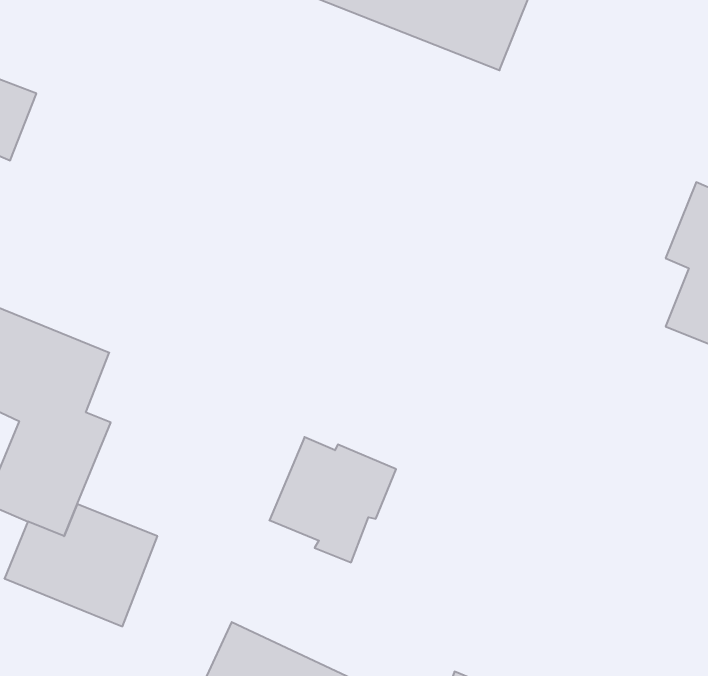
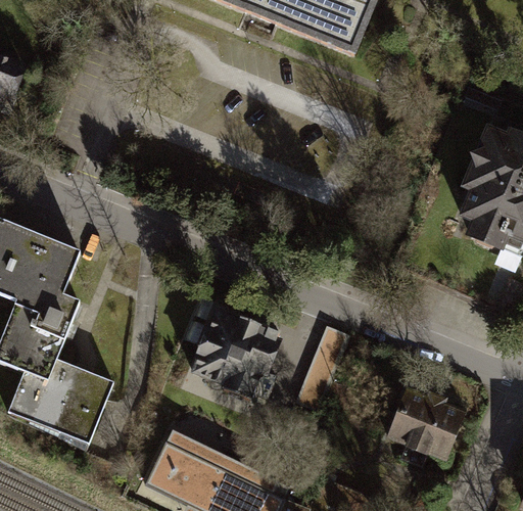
building: none -> [296,323,348,407]
building: none -> [388,387,463,457]

